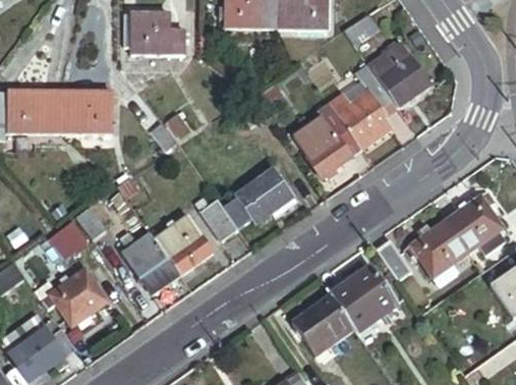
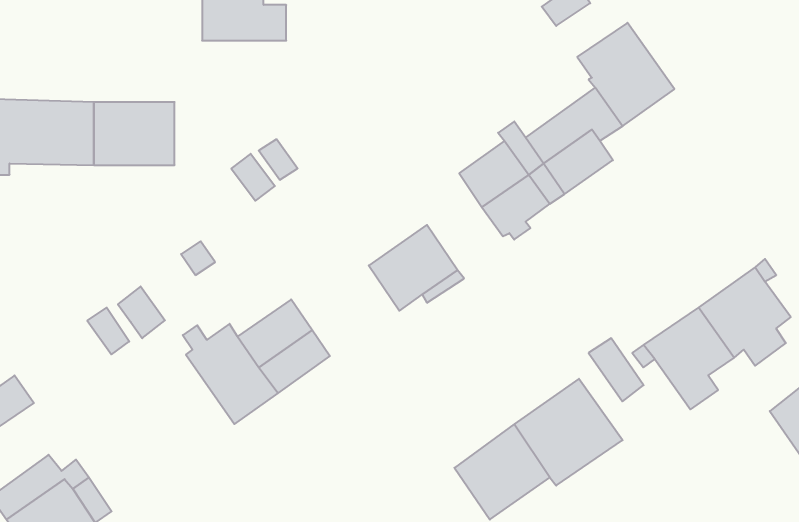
building: [329,64,380,114] -> none
building: [202,201,242,245] -> none
building: [44,270,108,326] -> none

